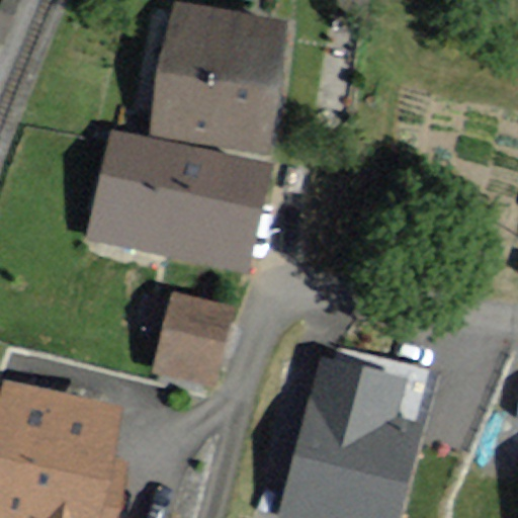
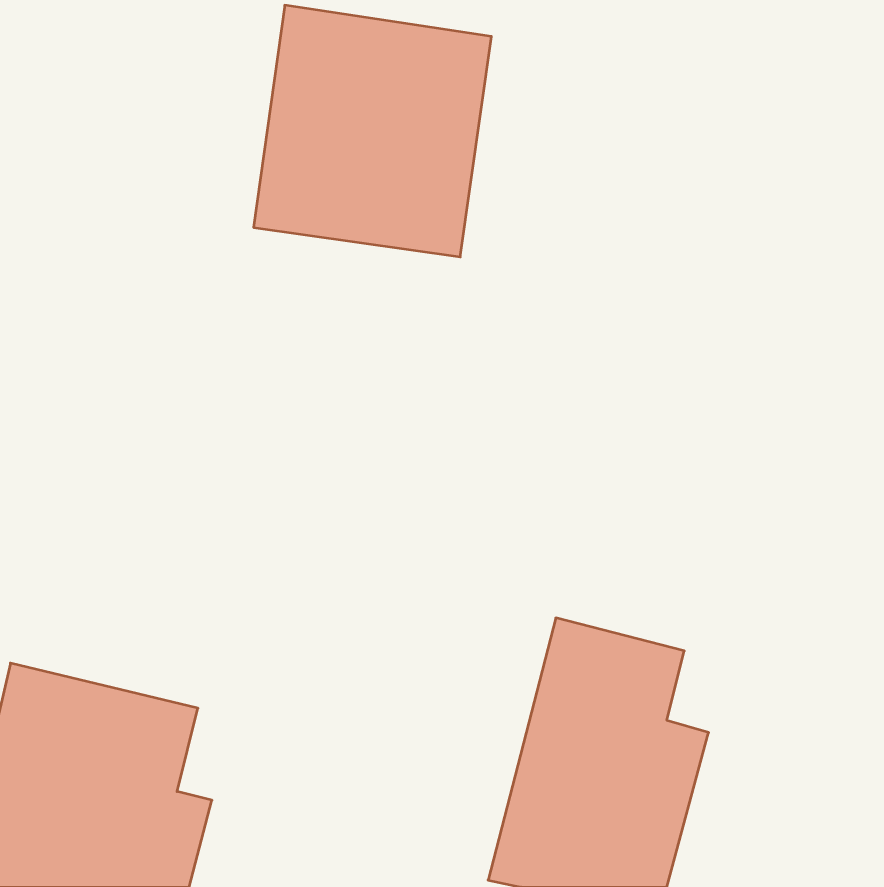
building: [88,133,273,269] -> none
building: [151,292,234,385] -> none

